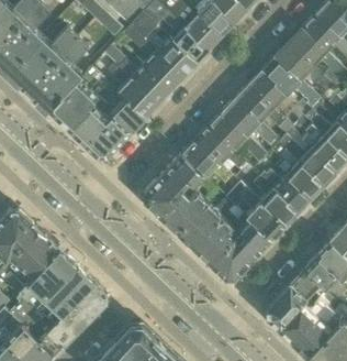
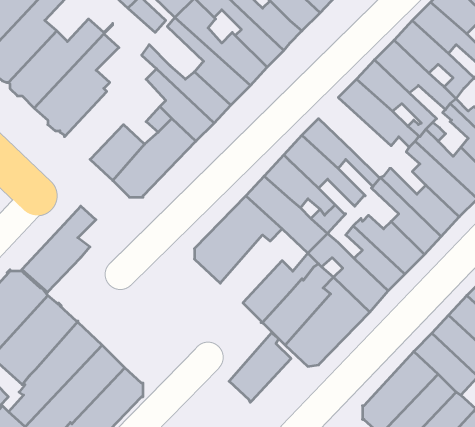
building: [48,67,102,130] -> [22,206,96,292]
building: [233,85,293,143] -> none
building: [161,185,206,236] -> [229,333,291,402]

